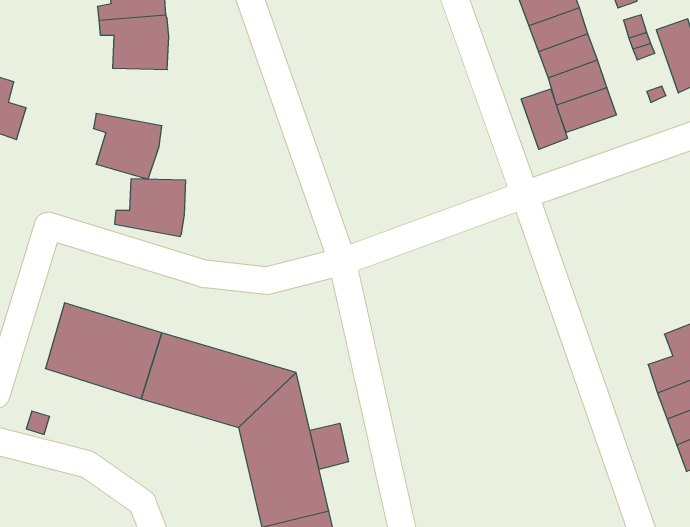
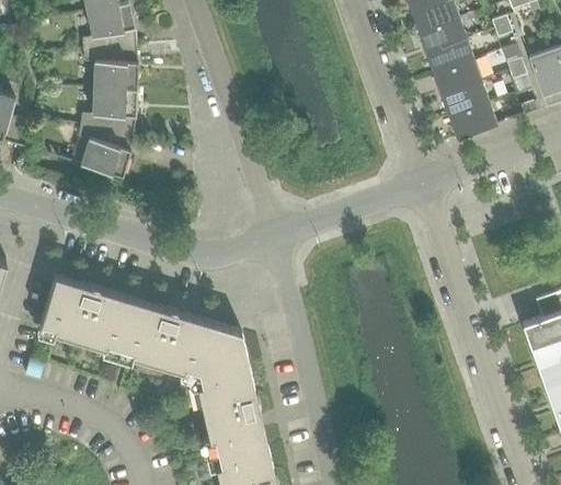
building: [521,89,568,149] -> none
building: [115,179,186,236] -> [80,89,137,135]
building: [310,423,348,469] -> none

